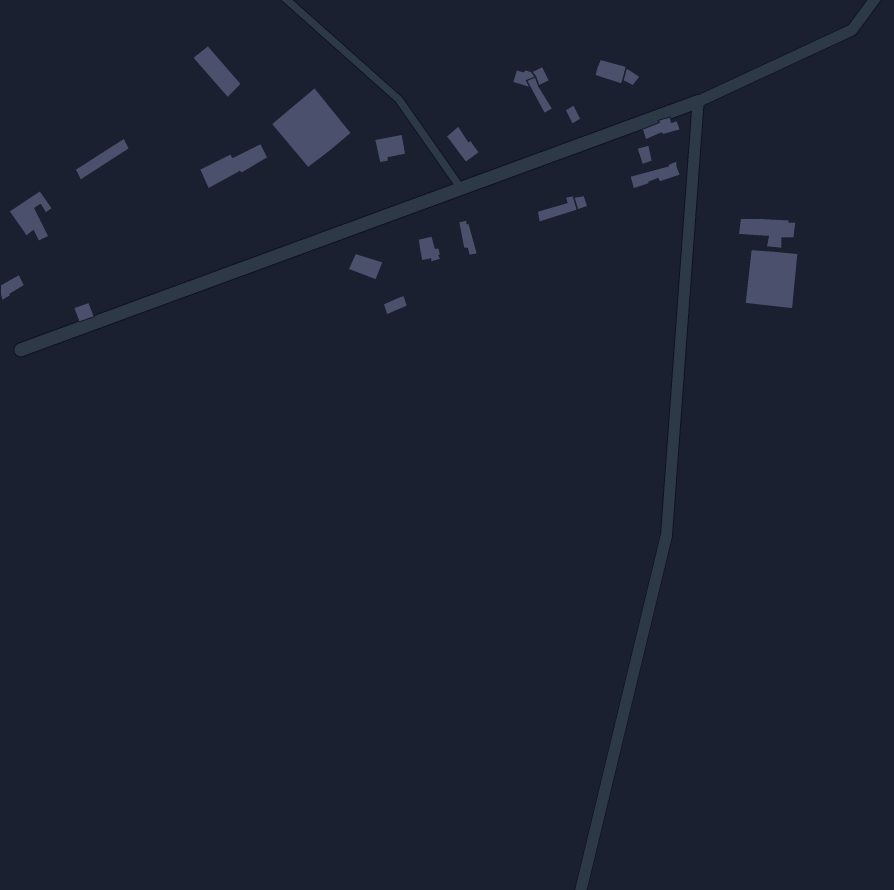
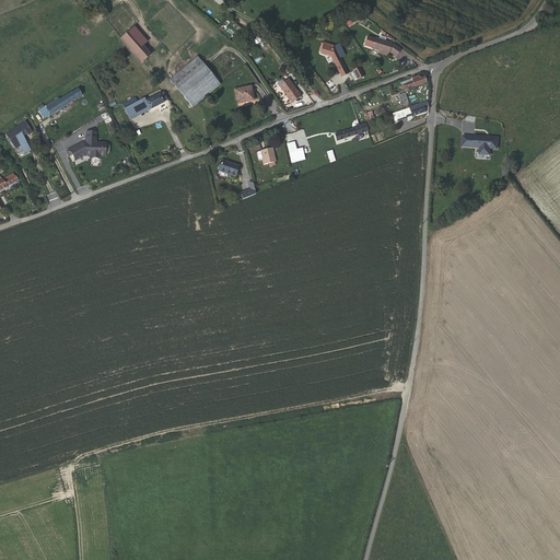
building: none -> [67,136,110,160]
building: [745,250,798,309] -> none

